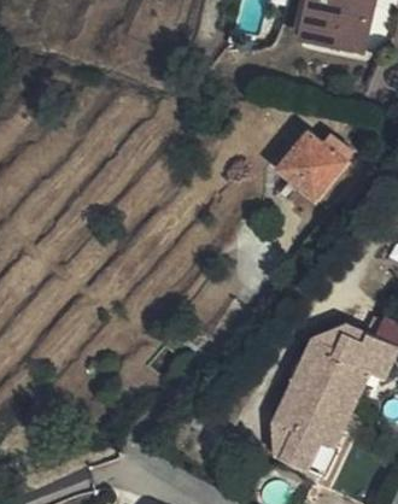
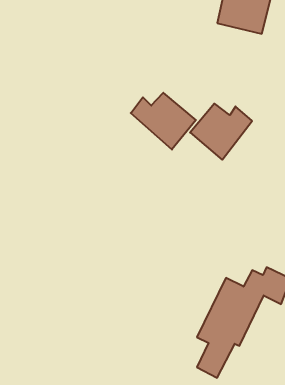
building: none -> [131,93,196,150]

